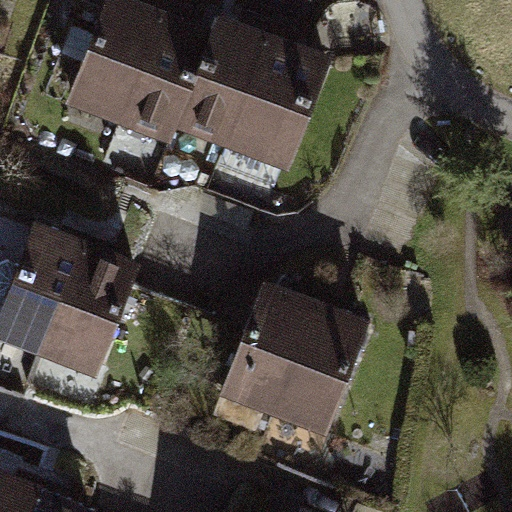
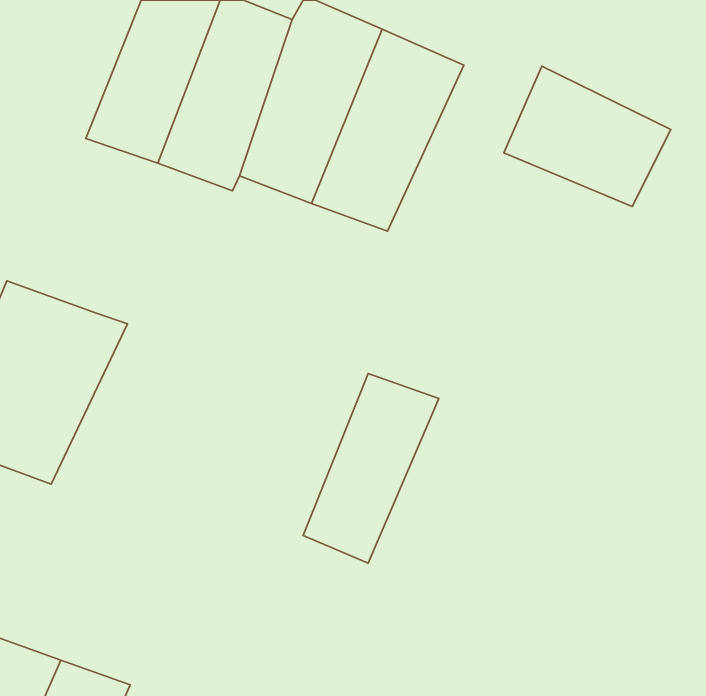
building: none -> [504,66,671,206]
building: [37,242,140,381] -> none
building: [266,296,369,435] -> none

